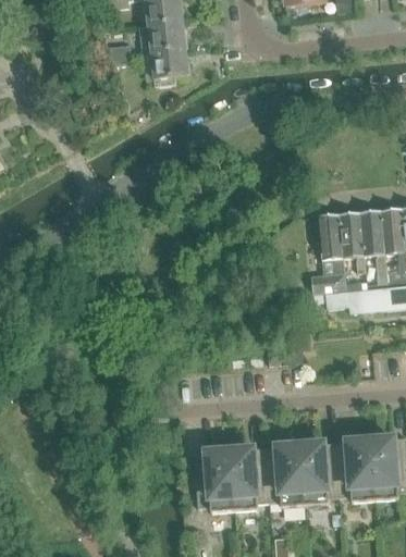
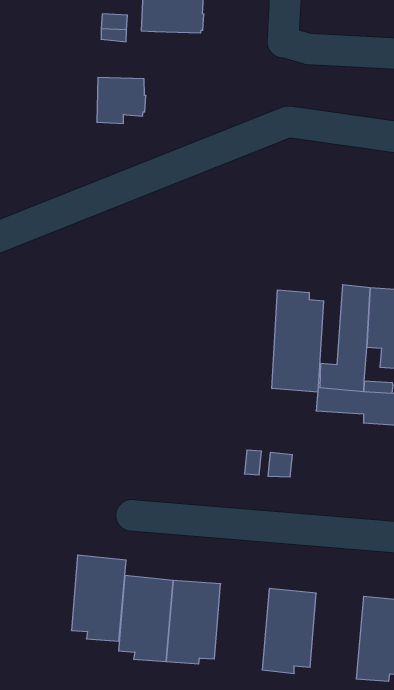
building: [150,47,188,84] -> [97,77,146,123]
building: none -> [272,290,323,392]
building: [334,437,373,499] -> none
building: [263,443,304,505] -> [71,555,126,641]

